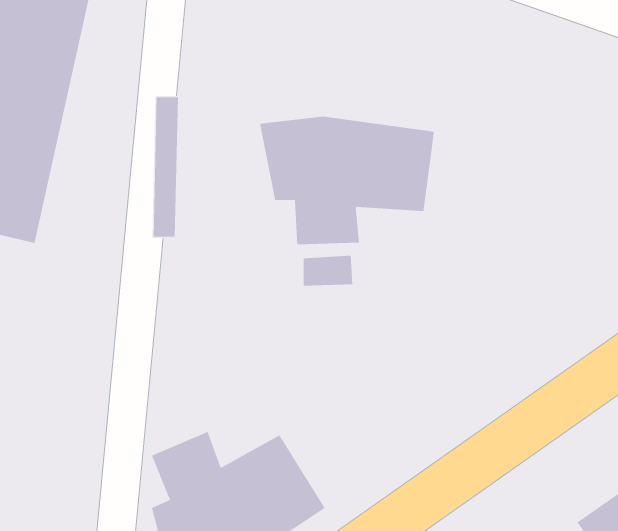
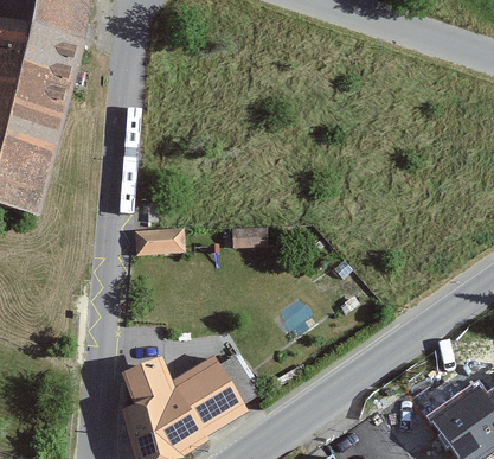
building: [259,116,435,245] -> none
building: none -> [135,227,185,254]

